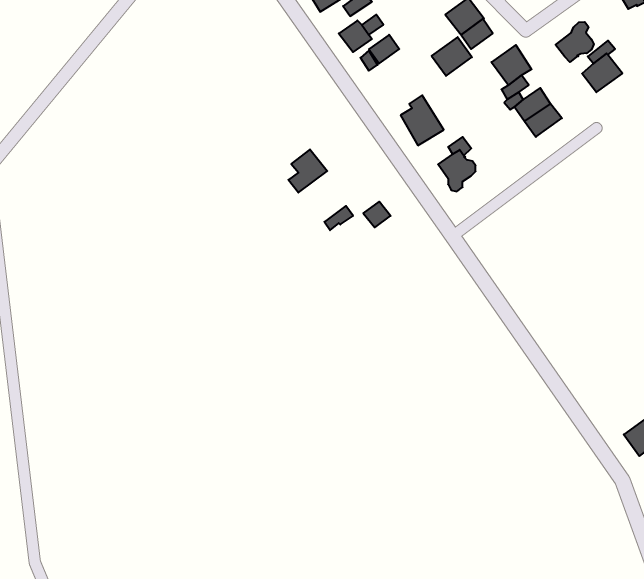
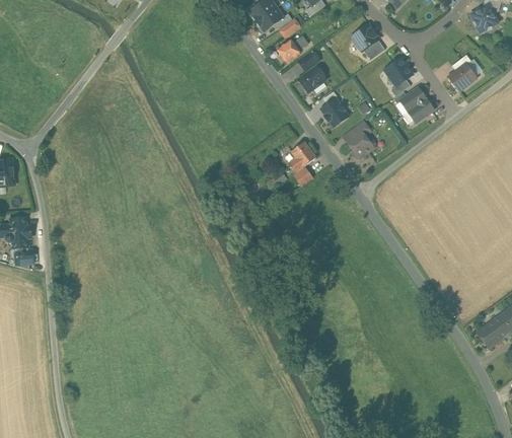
building: [556,22,594,62] -> none
building: [432,37,472,76] -> [297,65,325,92]
building: [288,149,327,193] -> [288,141,315,171]

